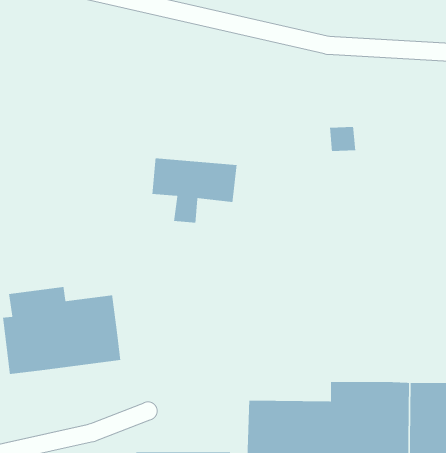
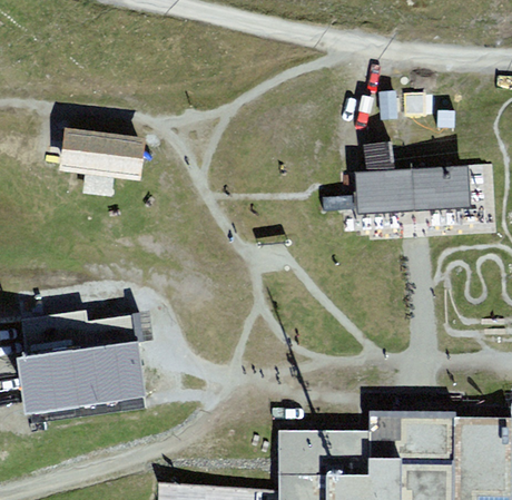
building: none -> [353,165,471,214]
building: [152,157,237,223] -> [61,128,154,199]

